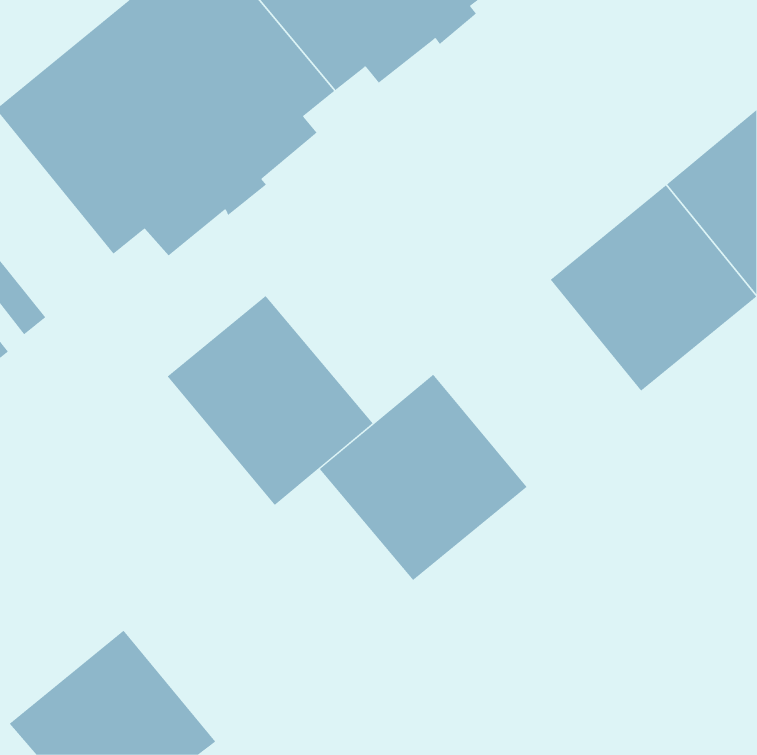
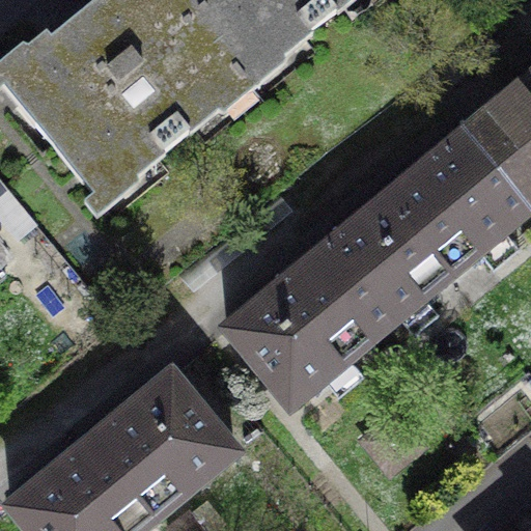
building: none -> [302,195,446,339]
building: [167,295,374,506] -> none
building: none -> [86,371,231,516]

